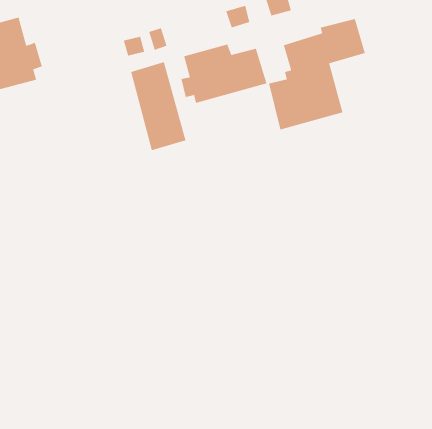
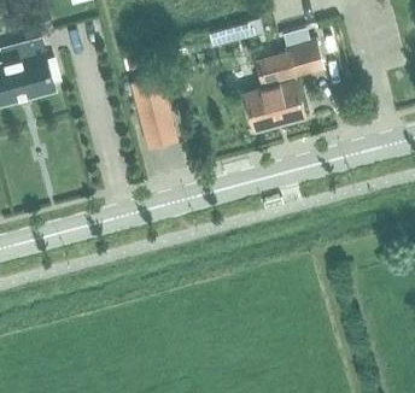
building: [181,44,267,104] -> none

